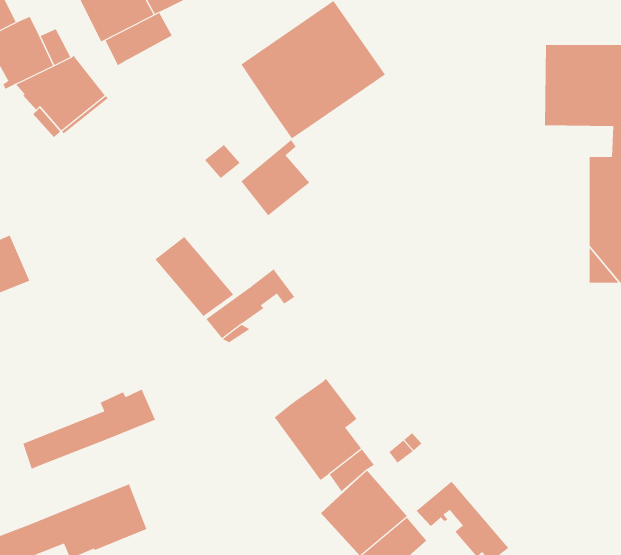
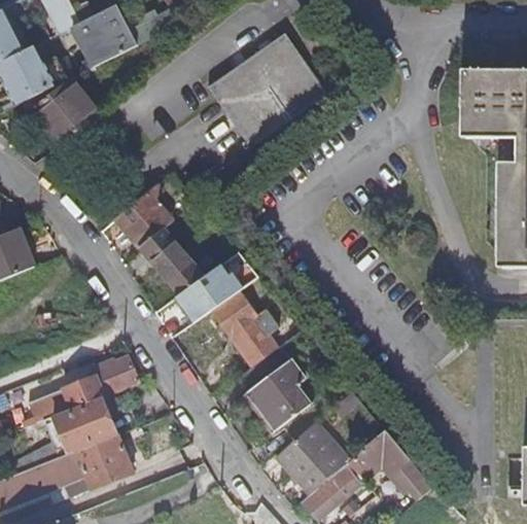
building: [105,12,172,66] -> none
building: [240,139,310,216] -> [115,184,173,248]
building: none -> [213,292,279,366]
building: none -> [28,396,115,467]

